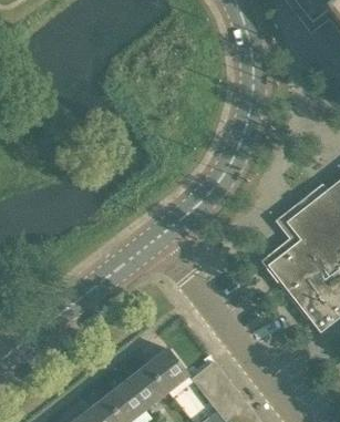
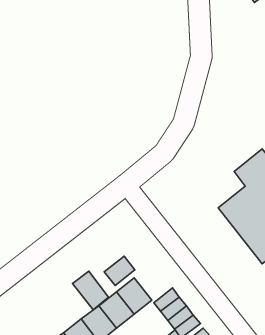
building: none -> [104,256,135,286]
building: none -> [73,271,109,310]

